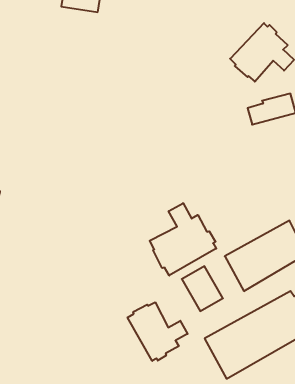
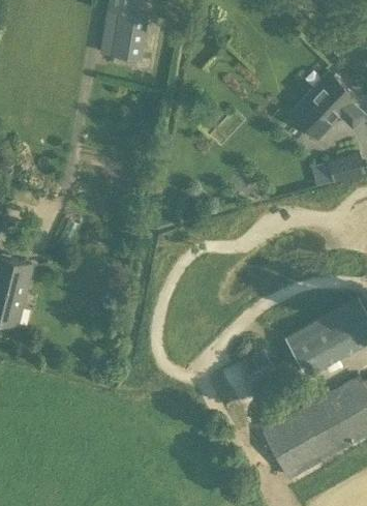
building: [150,203,216,276] -> none
building: [128,302,188,361] -> none

